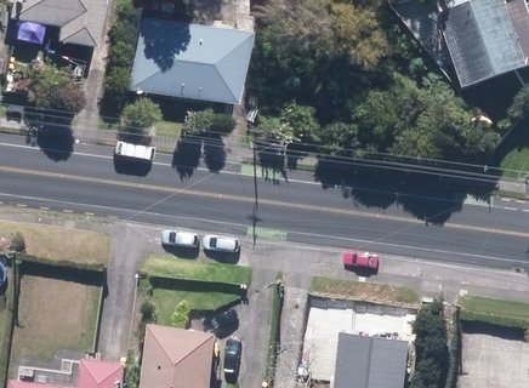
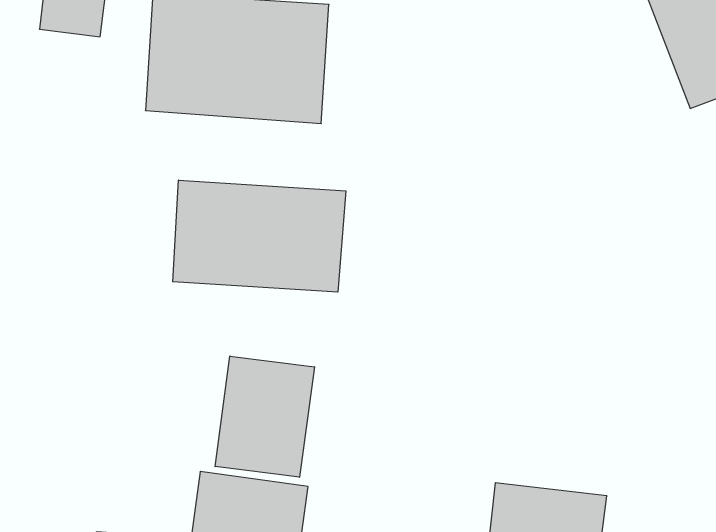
building: none -> [173,180,346,292]
building: none -> [215,356,314,477]

